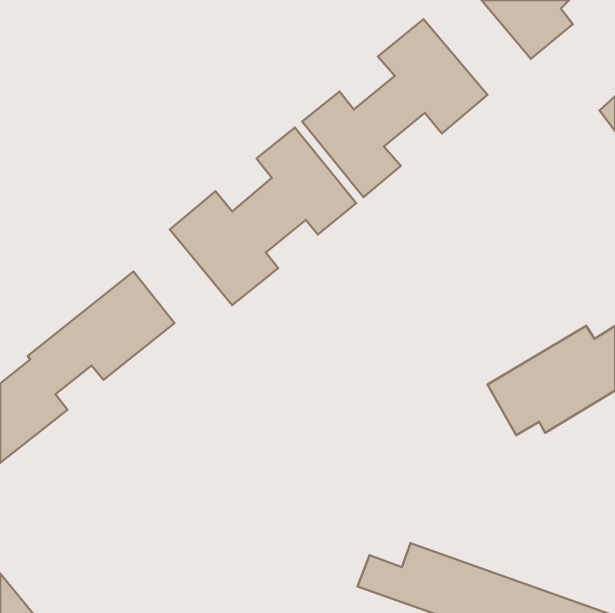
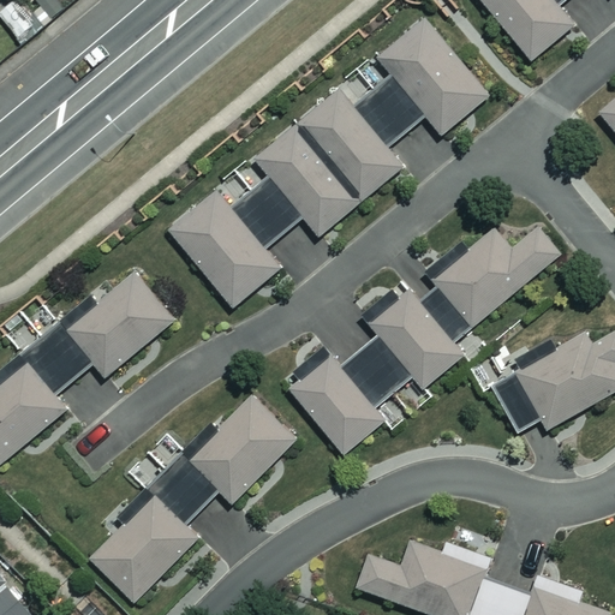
building: none -> [289,228,559,453]
building: none -> [91,399,293,601]

